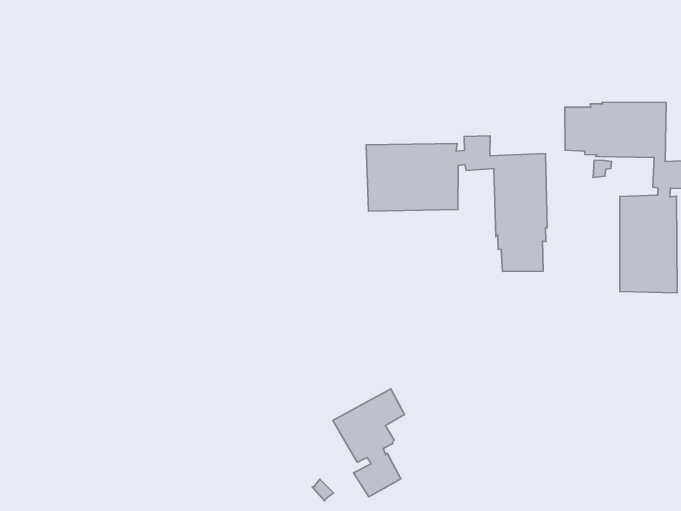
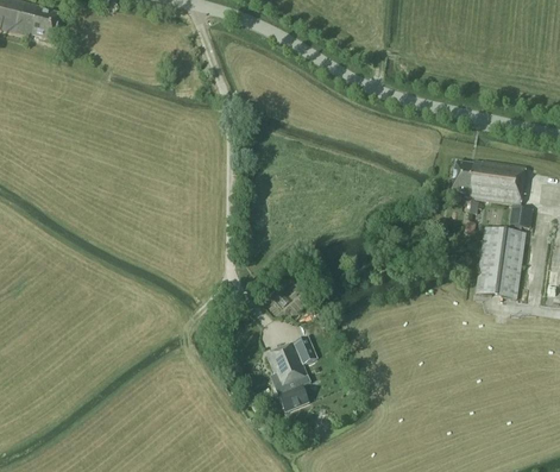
building: [366,136,547,272] -> none

